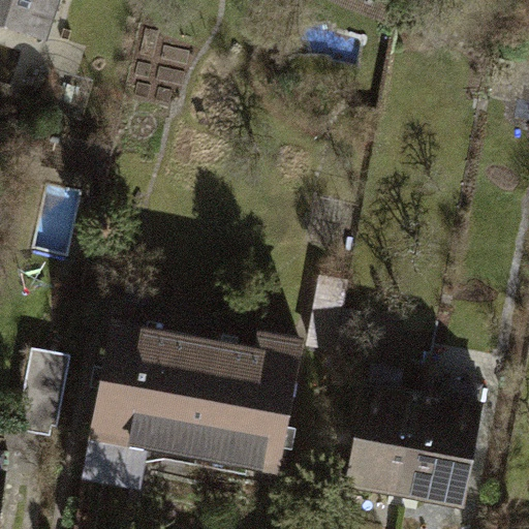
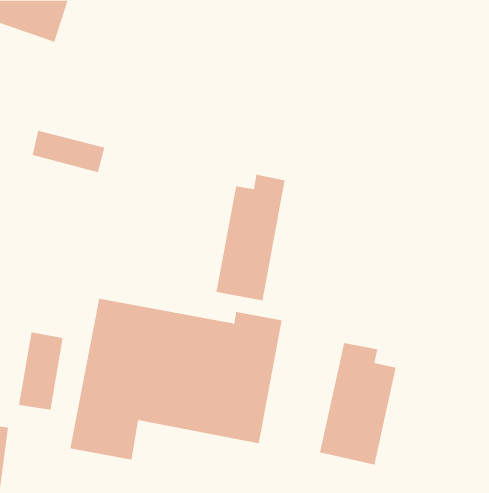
building: none -> [216,174,285,301]
building: [402,381,489,510] -> none

